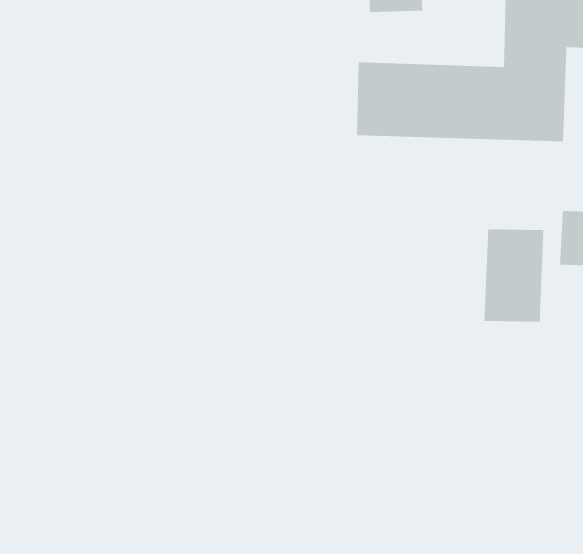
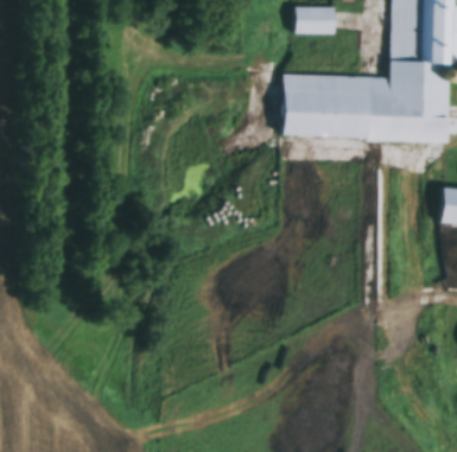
building: [484,229,544,322] -> none

